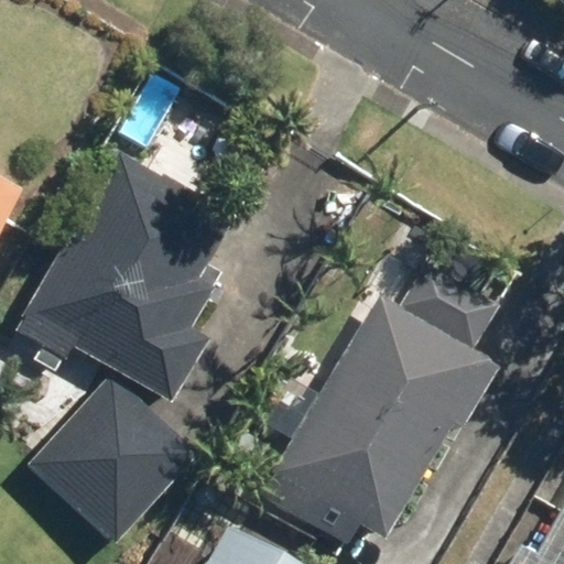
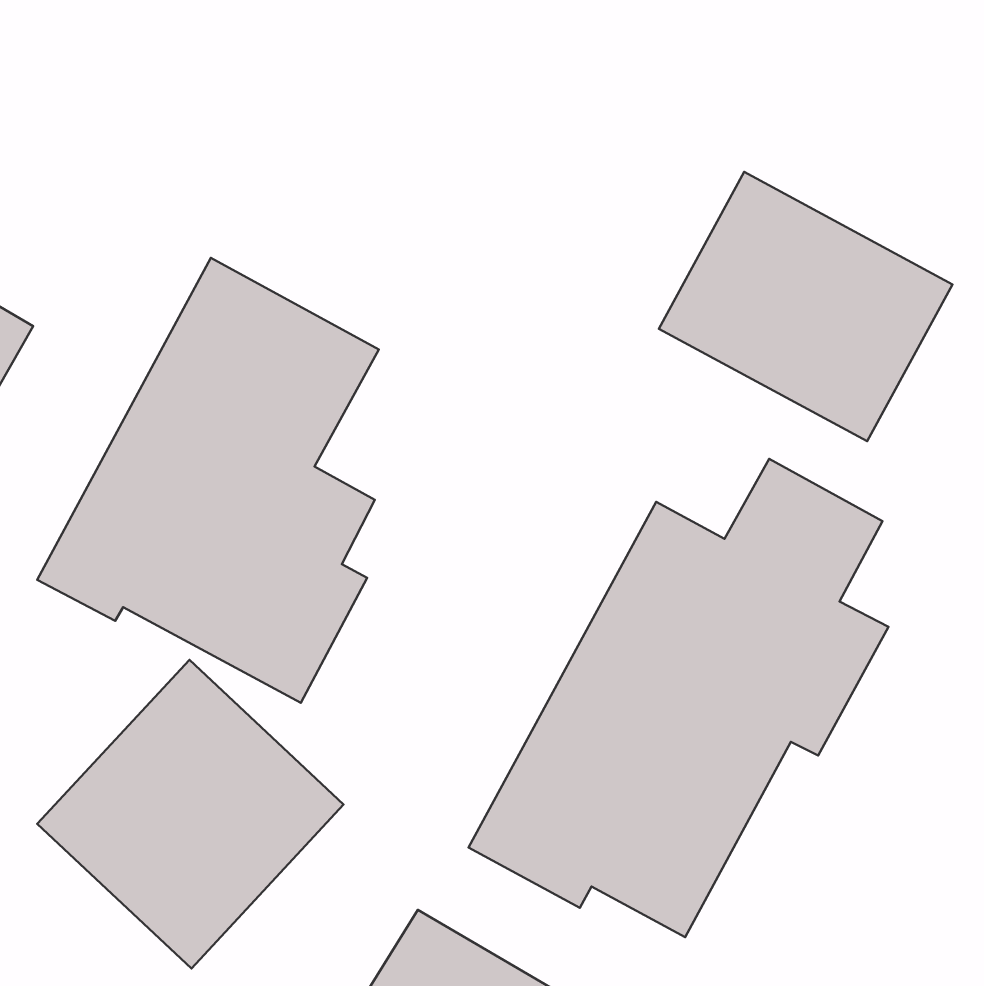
building: none -> [659,172,953,441]

